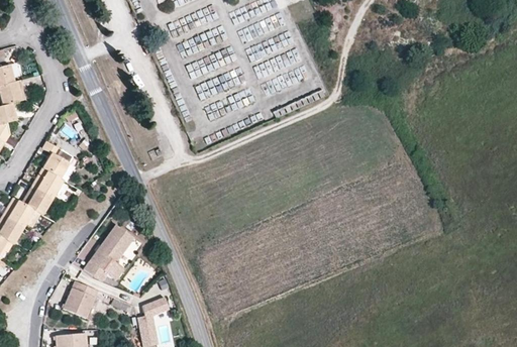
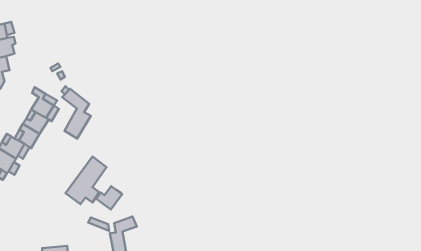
building: none -> [62,89,91,138]
building: none -> [96,186,122,209]
building: [64,280,98,318] -> none

